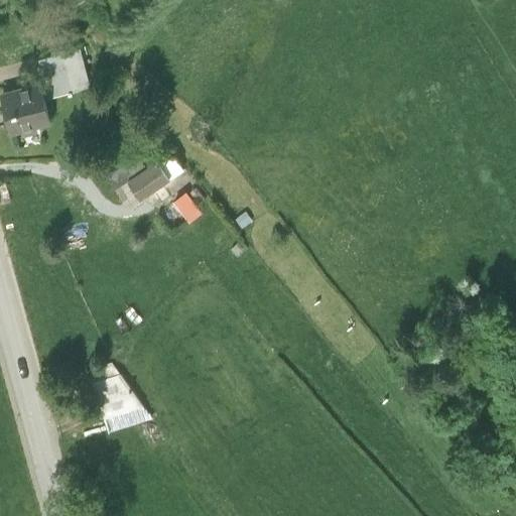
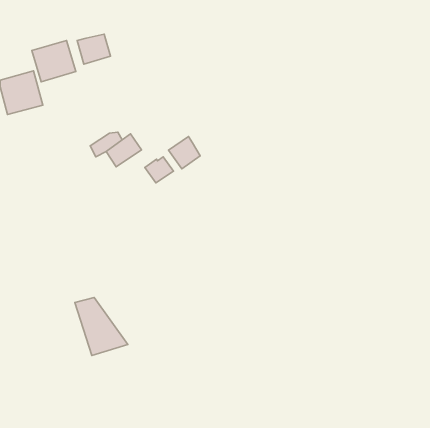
building: none -> [77,34,111,64]
building: none -> [169,136,200,169]

